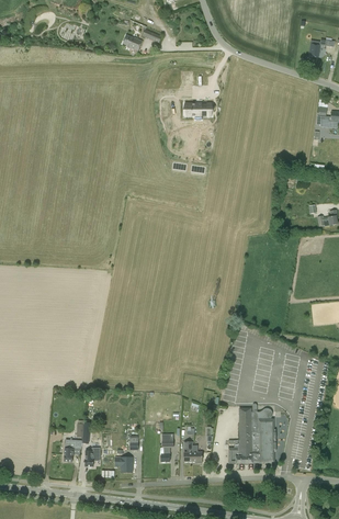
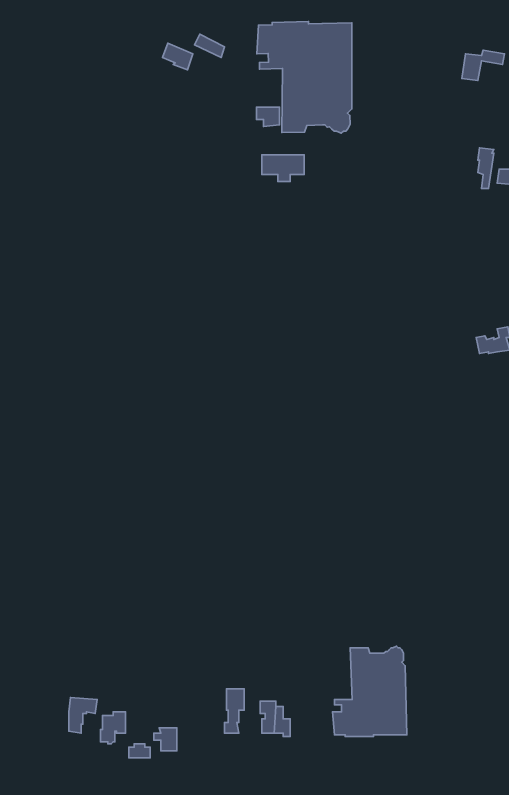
building: none -> [257,22,352,133]

